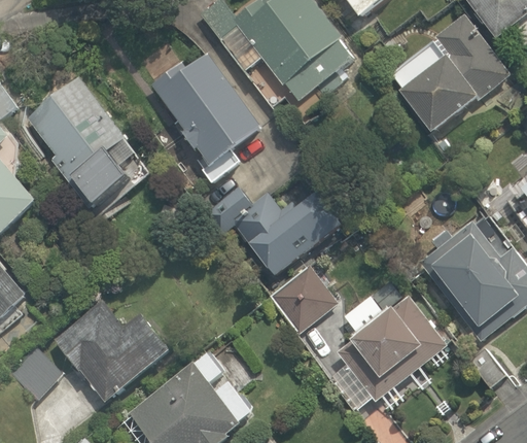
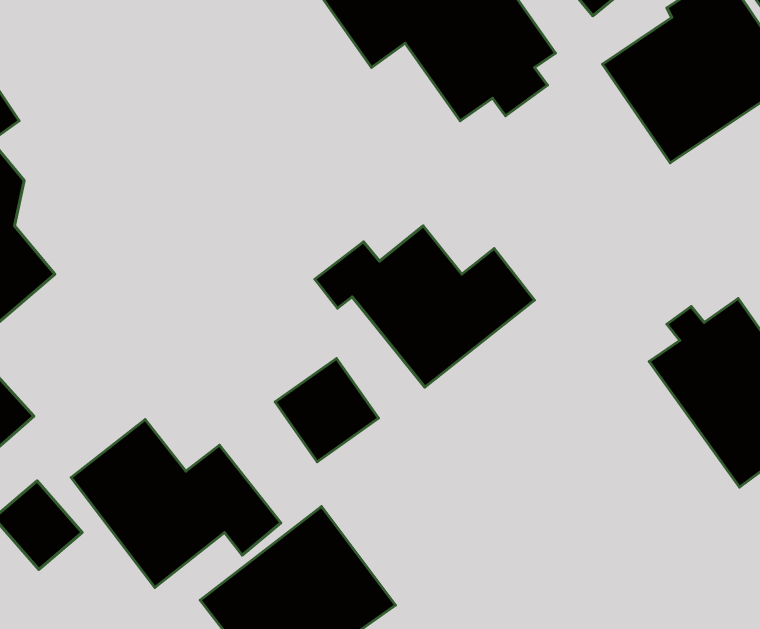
building: [149,43,269,171] -> none
building: [23,72,153,214] -> none
building: [268,263,333,329] -> [275,358,378,462]
building: [336,291,445,404] -> none

